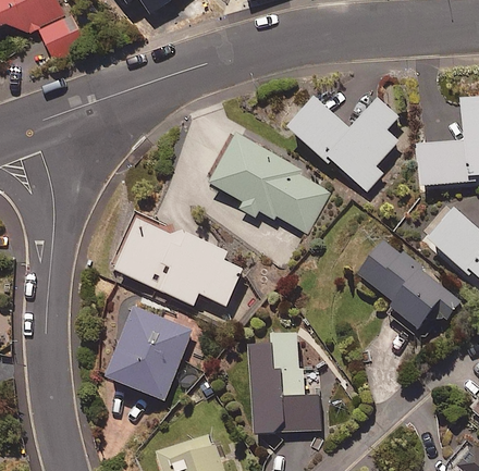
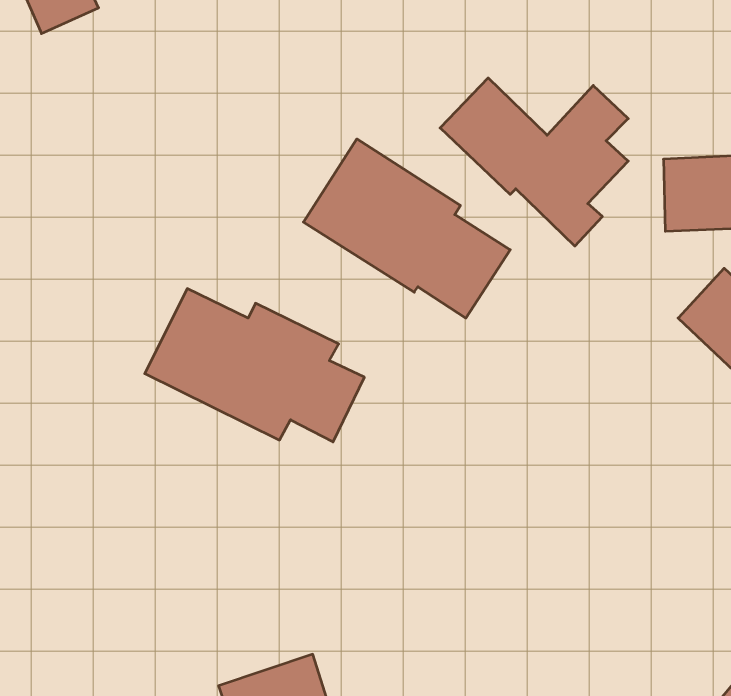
building: [357,235,450,326] -> none
building: [106,306,194,400] -> none
building: [249,331,320,433] -> none

